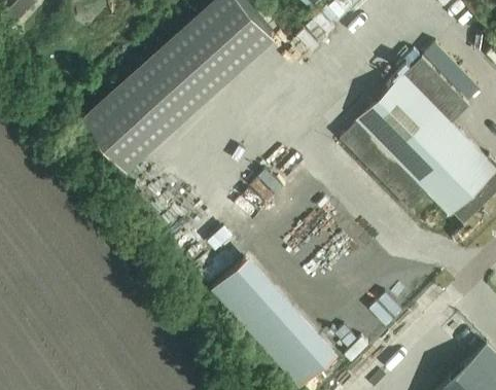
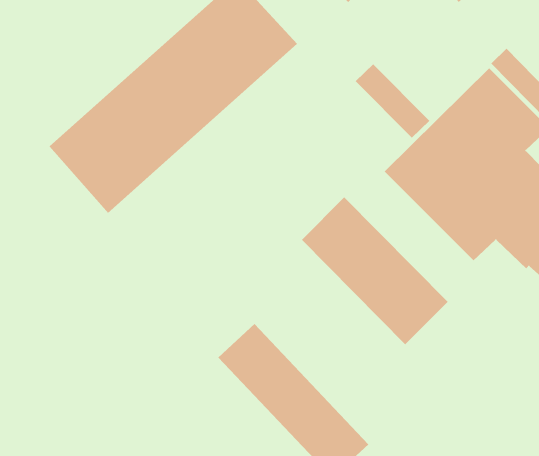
building: none -> [355,63,430,138]
building: none -> [301,197,448,345]

